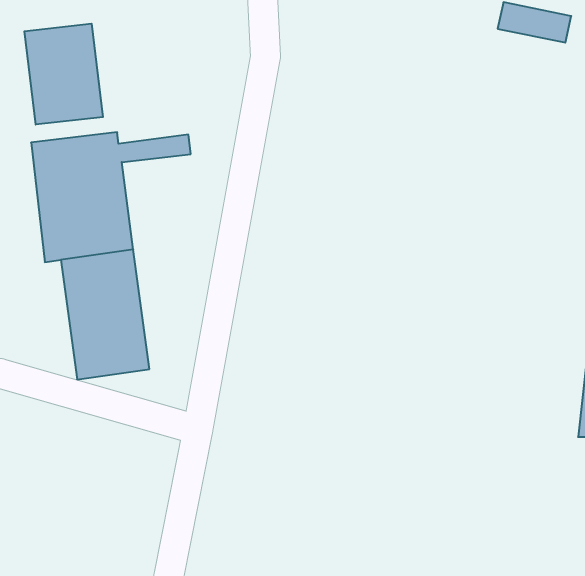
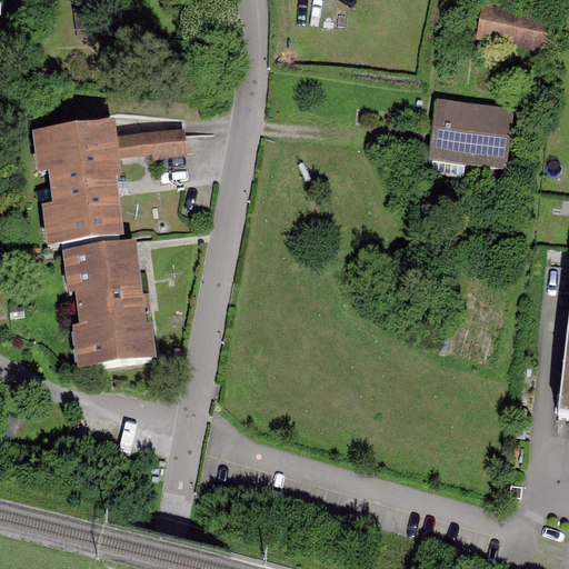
building: [24,24,103,125] -> none
building: none -> [435,94,517,169]

